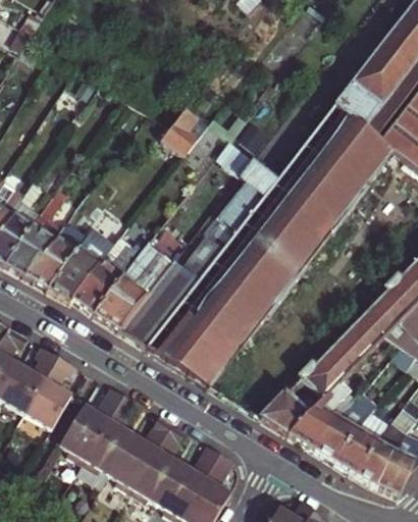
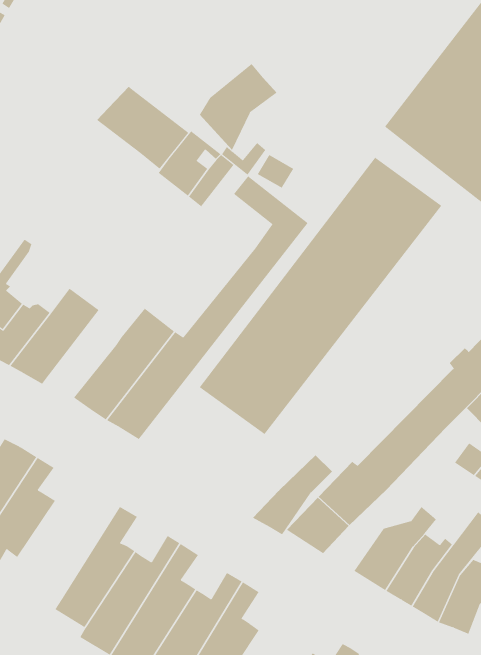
building: none -> [199,63,277,151]
building: none -> [96,86,189,170]
building: [146,102,391,382] -> none
building: [74,236,130,311] -> none
building: [288,382,350,445] -> [252,454,333,535]
building: [60,386,130,466] -> none

